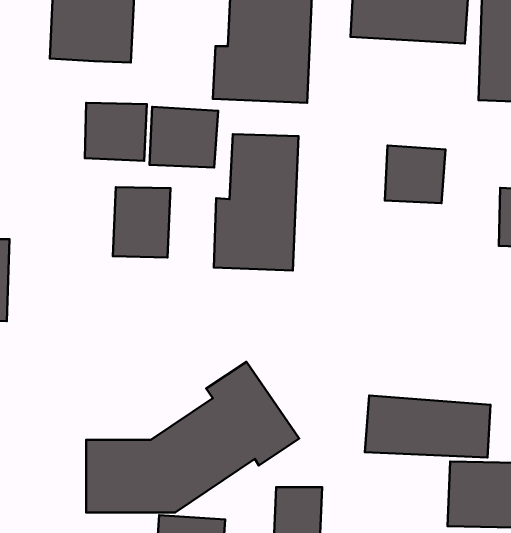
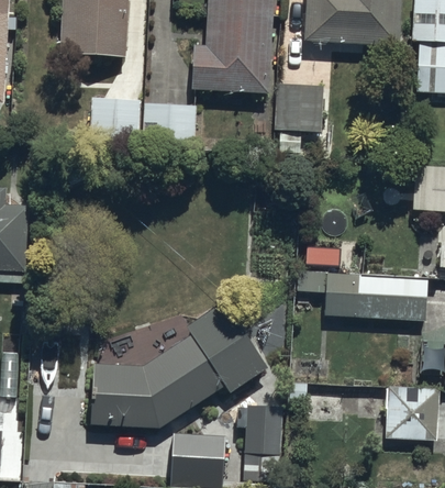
building: [214,134,299,271] -> none
building: [385,145,445,203] -> [275,81,324,129]
building: [113,187,171,257] -> none
building: [365,395,490,457] -> [325,268,427,319]

